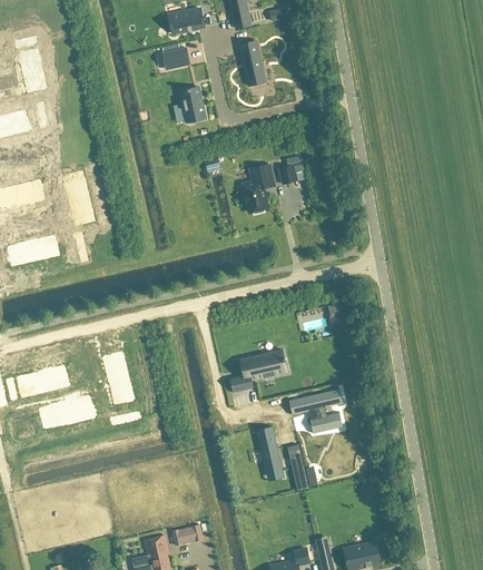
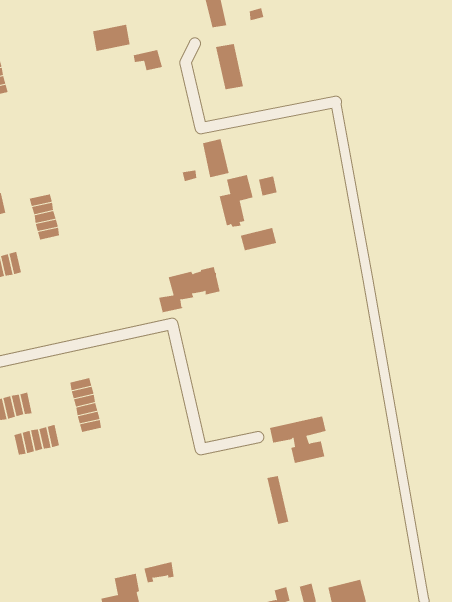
building: [169,8,205,33] -> [92,24,130,52]
building: [180,86,206,122] -> [202,138,230,178]
building: none -> [240,227,277,251]
building: [230,348,288,392] -> [158,266,220,313]
building: [256,425,283,473] -> none

